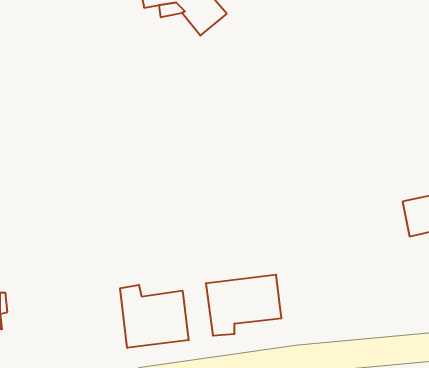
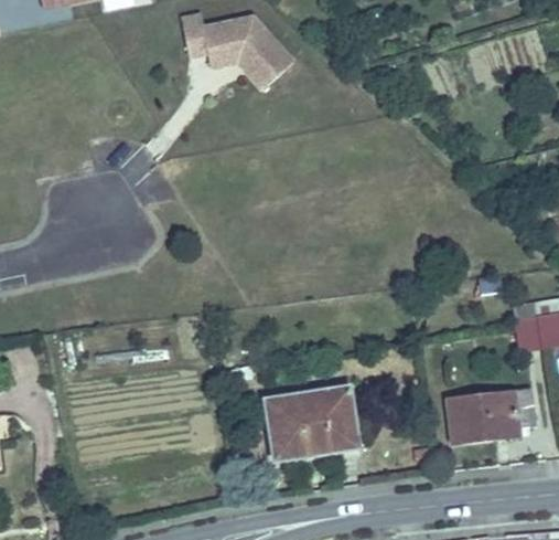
building: none -> [444,389,538,453]
building: [120,285,189,348] -> none

